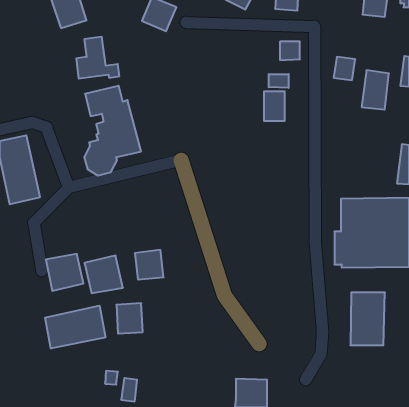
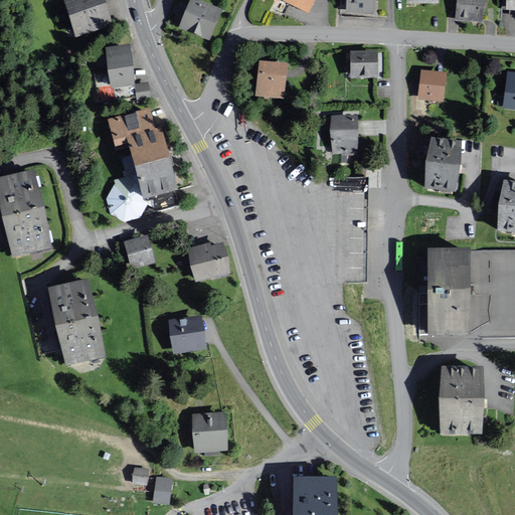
building: none -> [256,63,285,97]
building: [362,70,389,110] -> [425,143,460,192]
building: [269,74,289,88] -> none
building: none -> [124,233,155,267]
building: none -> [188,241,229,280]
building: [84,256,123,293] -> [48,279,97,326]
building: [116,303,143,334] -> [192,413,225,452]
building: [45,306,105,349] -> none

